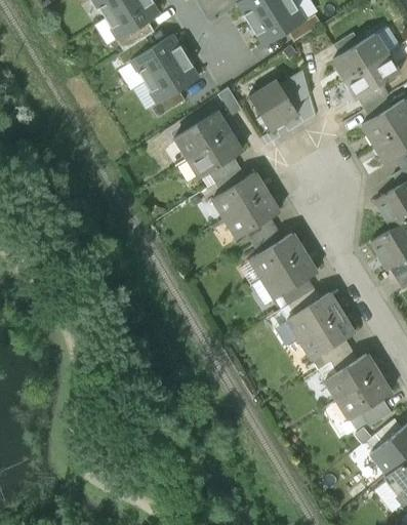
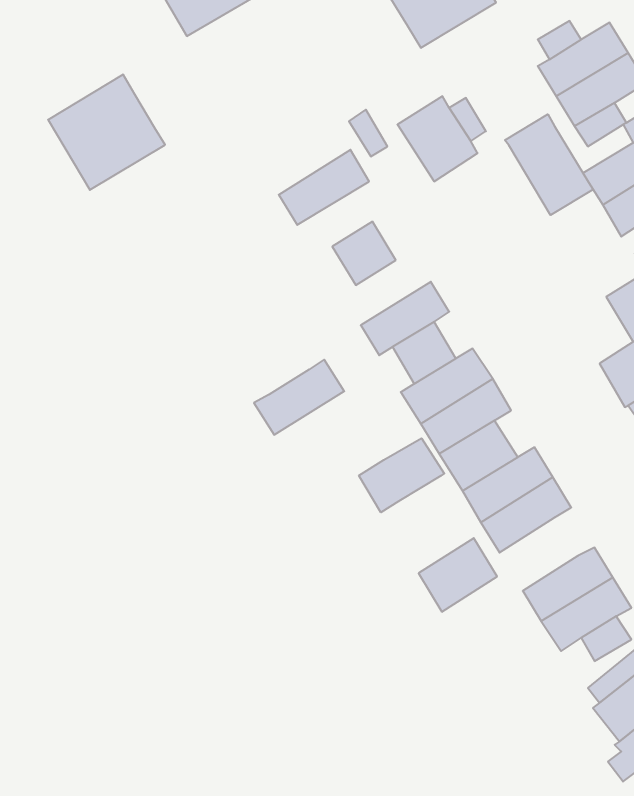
building: [131,35,203,106] -> [48,75,165,190]
building: none -> [505,114,593,215]
building: [187,131,242,177] -> none
building: [213,173,269,219] -> [254,360,344,435]
building: none -> [359,438,444,512]
building: [311,337,359,382] -> [419,538,497,612]

